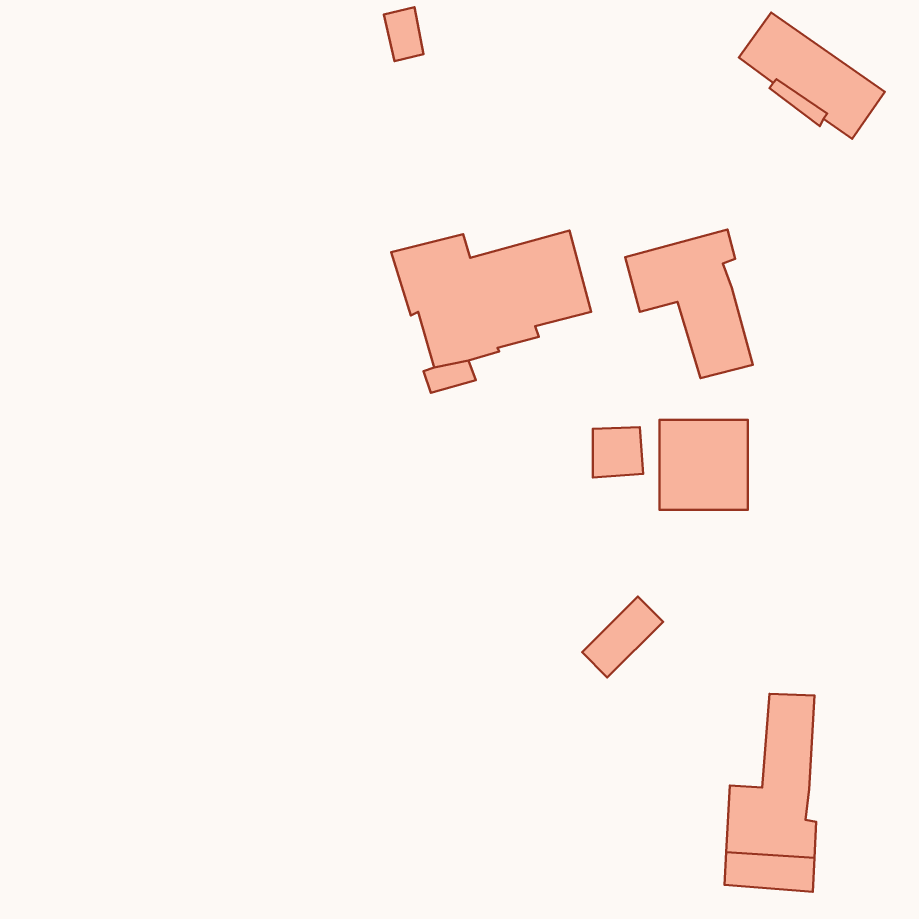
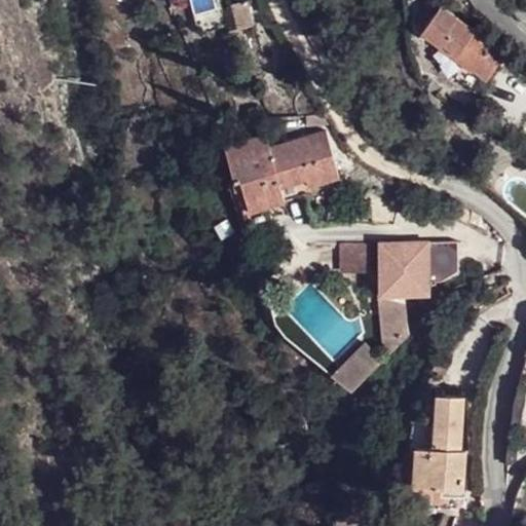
building: [625,229,753,378] -> none
building: none -> [426,239,455,279]
building: none -> [376,292,404,353]

